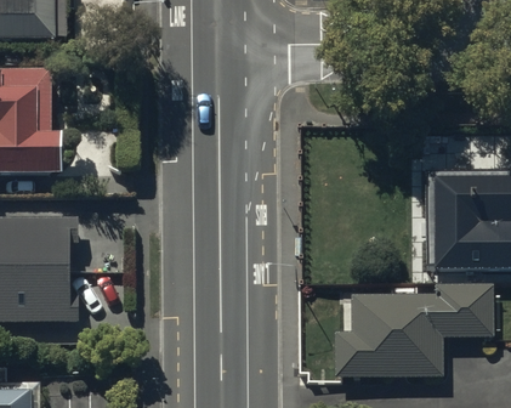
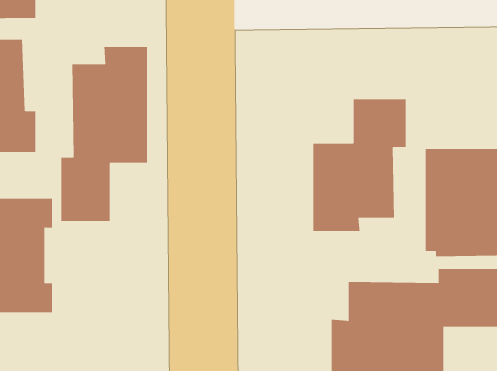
building: none -> [61,46,148,222]
building: none -> [313,99,406,232]

